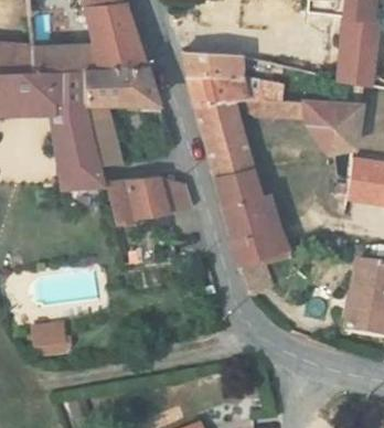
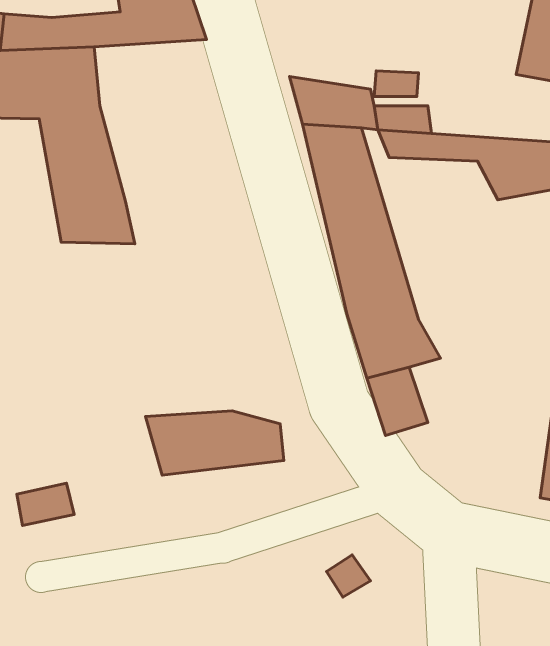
building: [188,54,243,88] -> none
building: [77,58,160,156] -> none
building: [102,178,184,216] -> [146,411,284,475]

